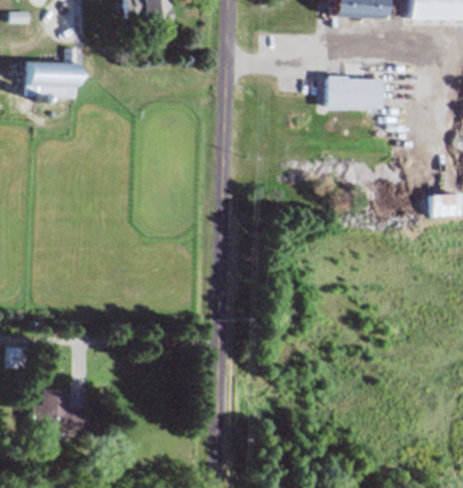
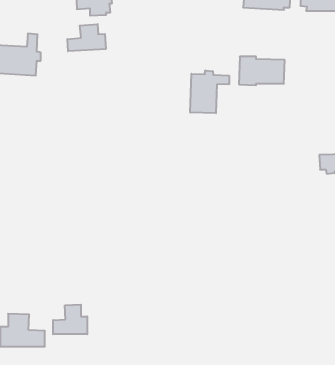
building: none -> [67,24,106,51]
building: none -> [190,70,229,113]
building: none -> [53,305,87,334]

